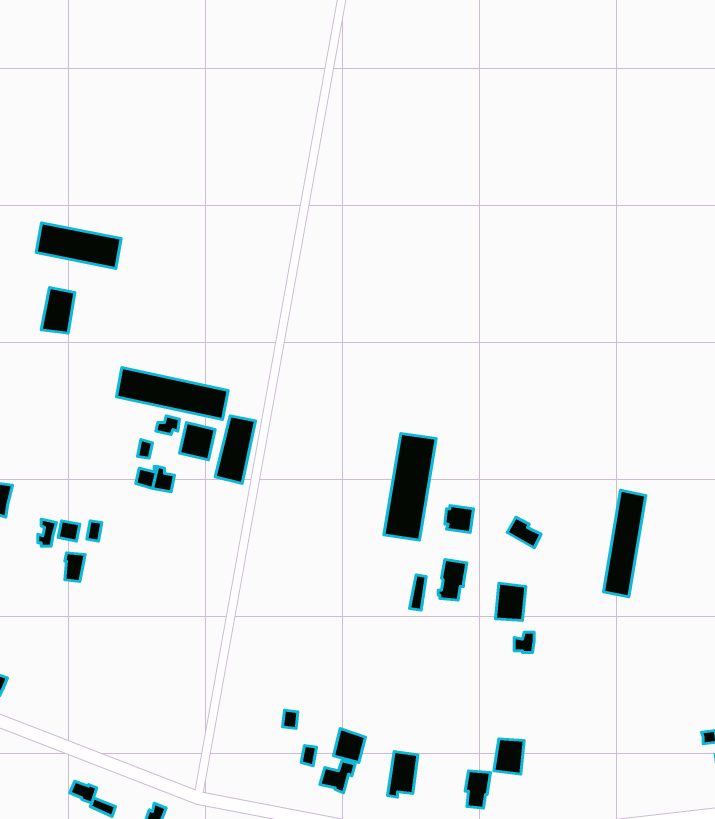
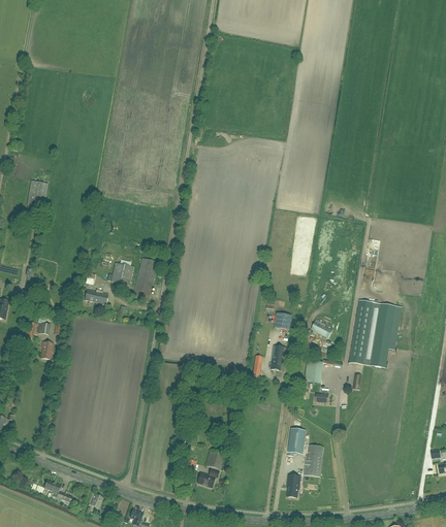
building: [36,223,121,268] -> none
building: [117,368,228,420] -> none
building: [384,434,436,540] -> [349,299,381,364]
building: [387,751,418,797] -> [287,427,306,455]

